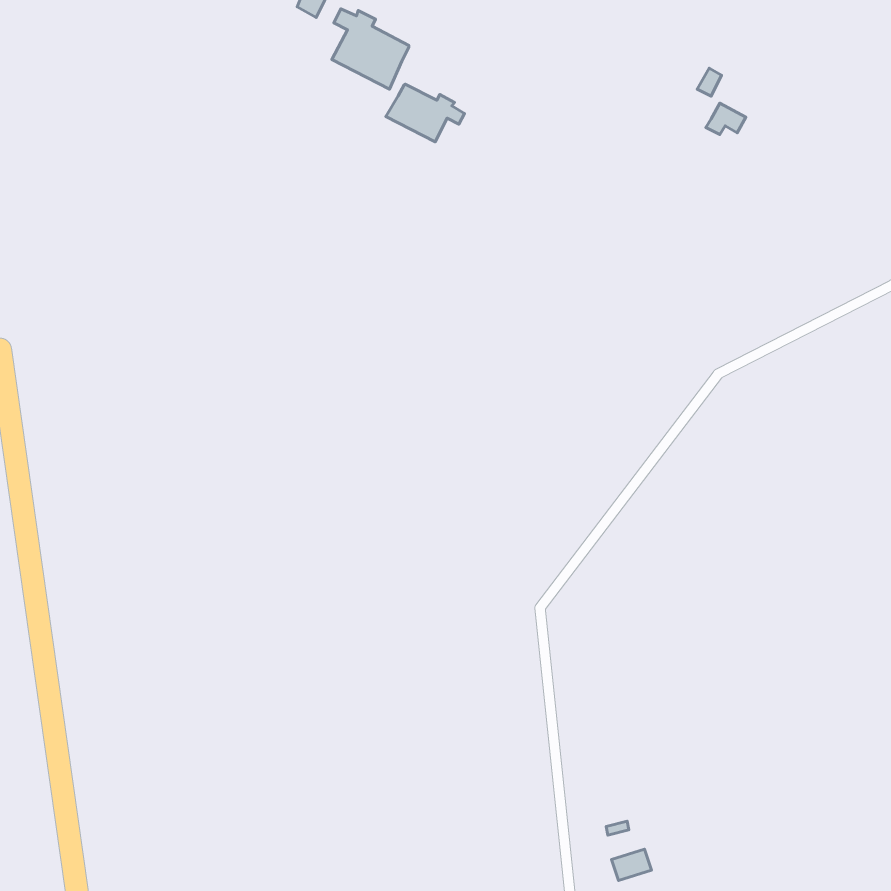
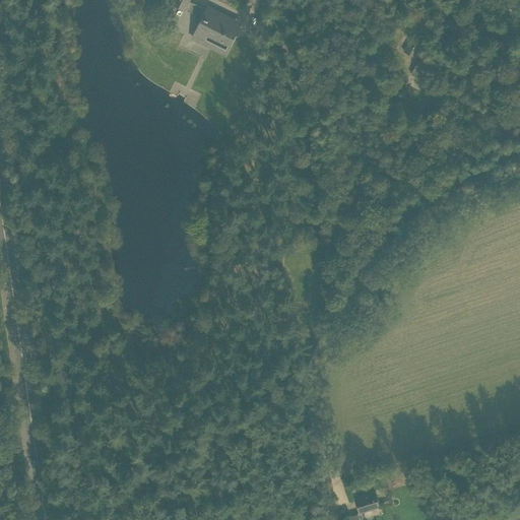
building: [386,84,465,142] -> none

